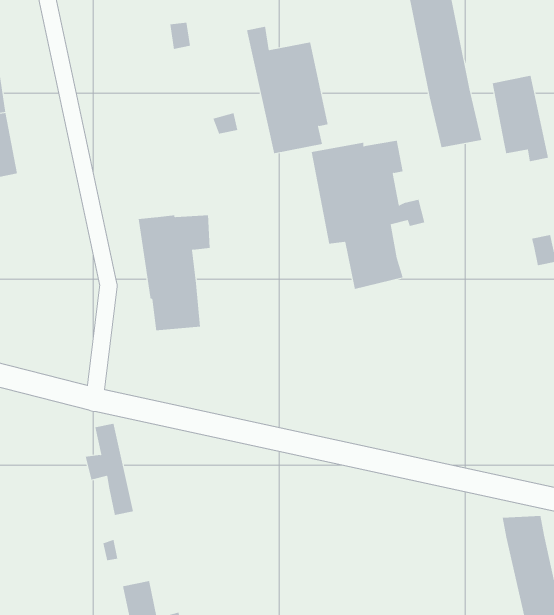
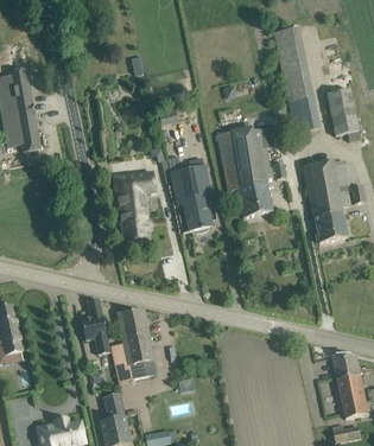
building: [246,26,329,154] -> [166,155,216,232]
building: none -> [302,159,350,242]
building: none -> [112,310,153,381]

